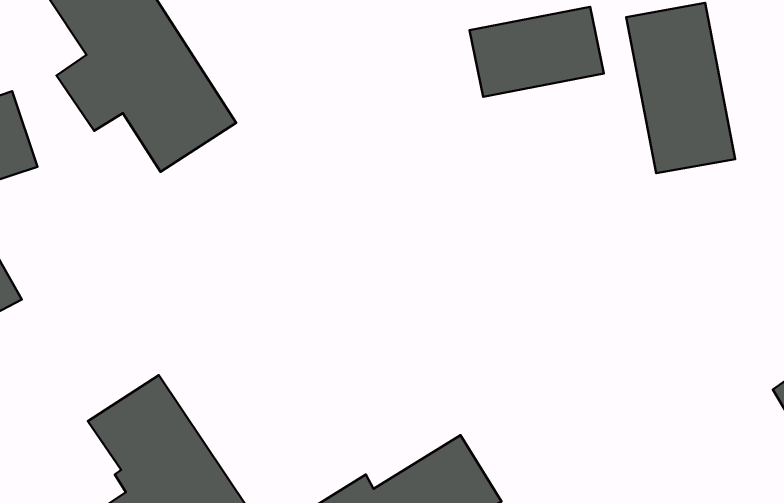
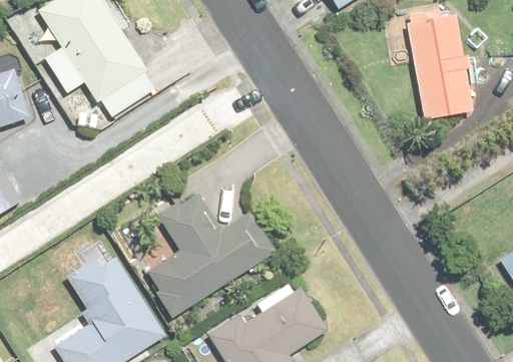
building: [470,7,604,97] -> none
building: none -> [142,192,275,317]

